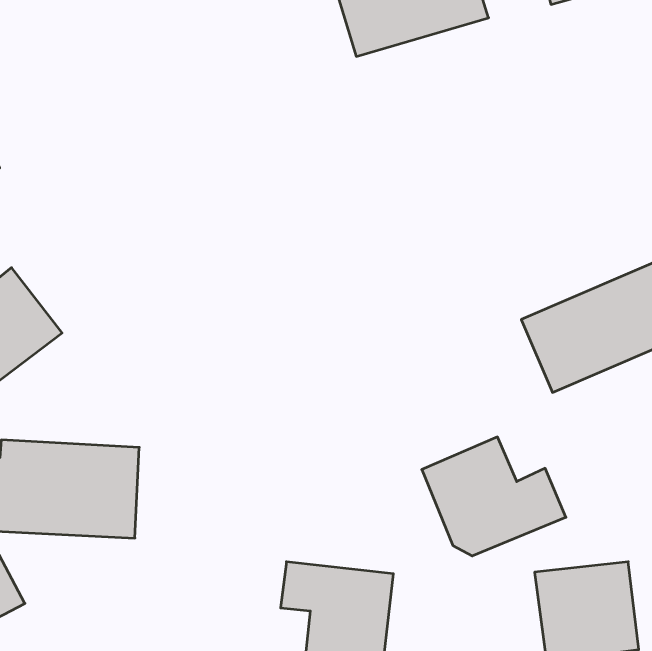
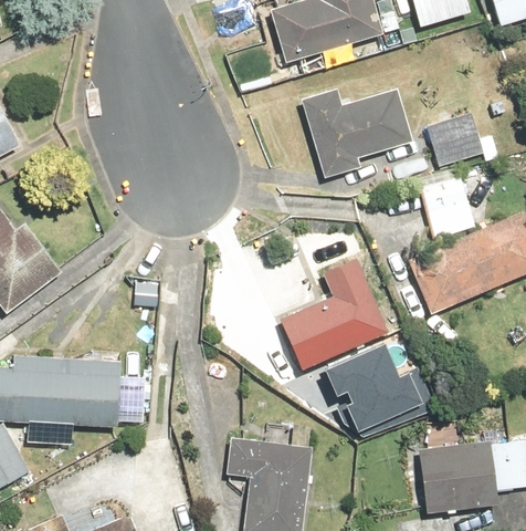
building: none -> [298,90,409,178]
building: none -> [432,111,492,167]
building: none -> [429,173,481,236]
building: none -> [276,259,386,372]

